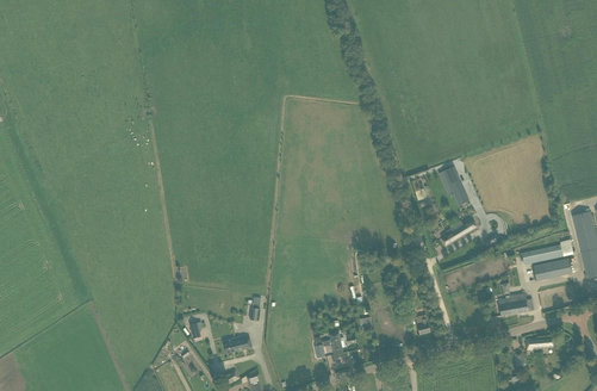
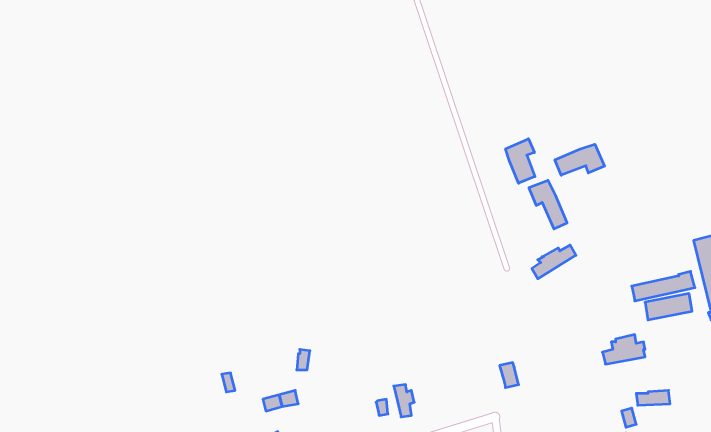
building: none -> [506,139,535,183]
building: none -> [555,144,605,175]

